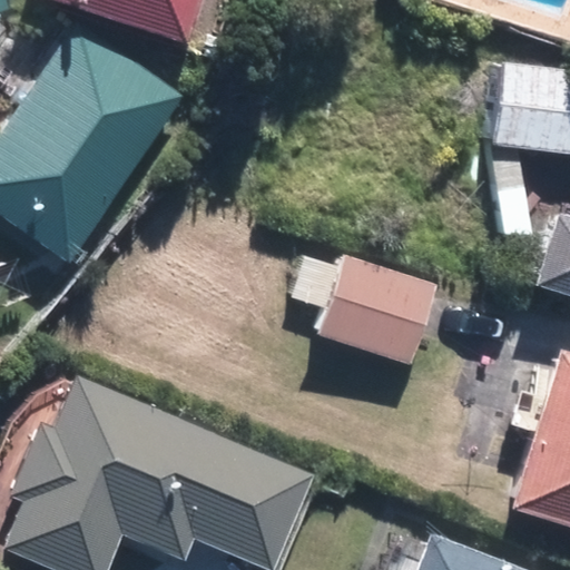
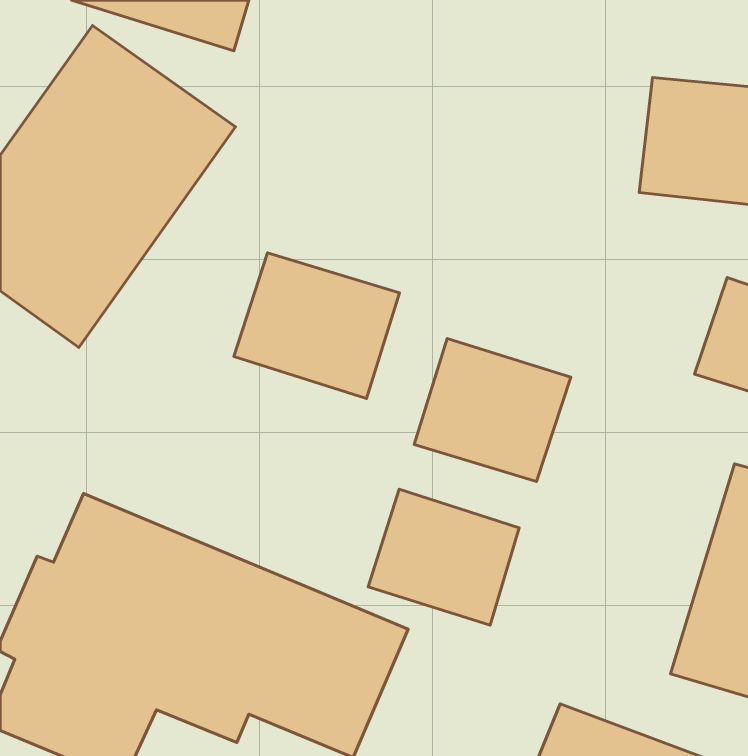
building: none -> [234,253,399,398]
building: none -> [368,489,519,625]

